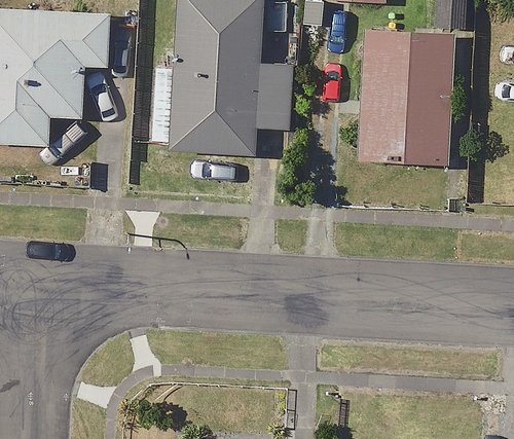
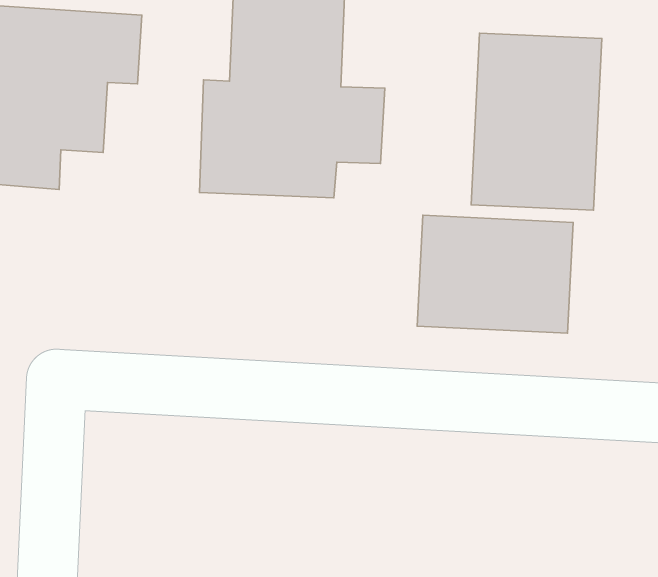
building: none -> [417,215,573,333]

